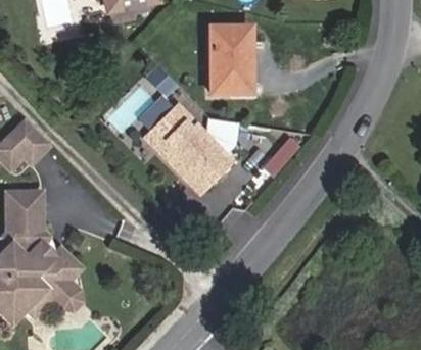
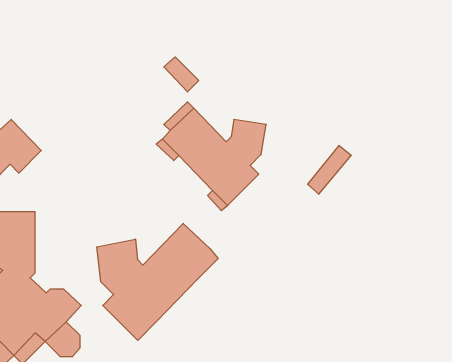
building: [209,30,249,97] -> none
building: none -> [97,223,218,340]

